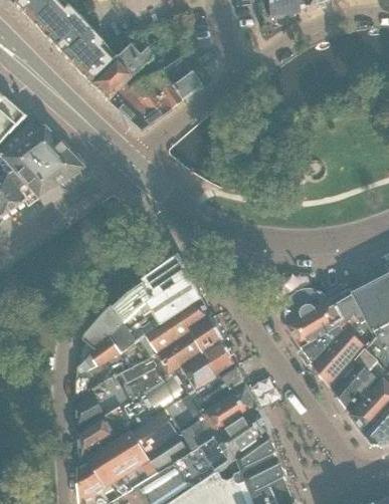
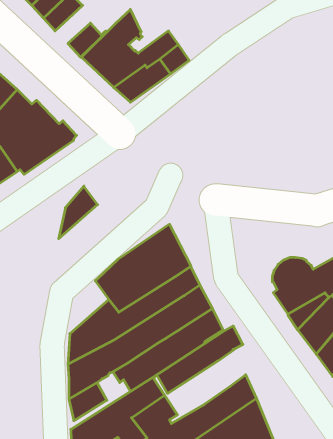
building: [62,29,103,68] -> none
building: [77,312,118,366] -> [59,186,98,239]
building: [181,386,258,451] -> none

